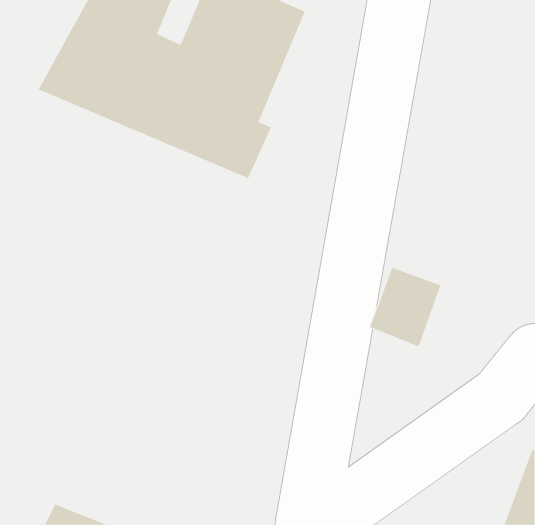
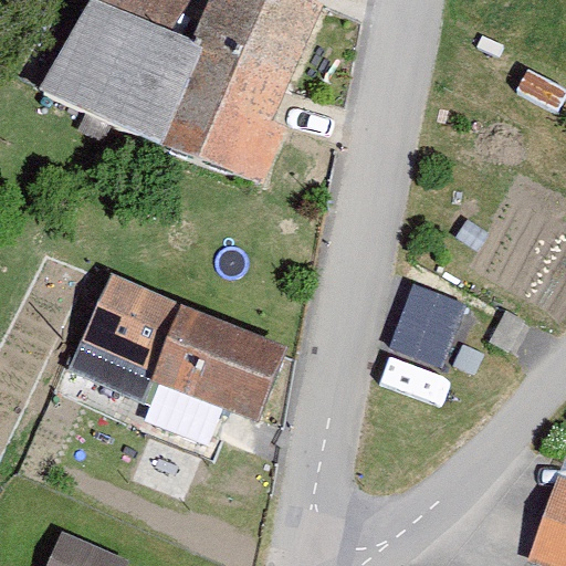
building: none -> [67,274,286,423]

